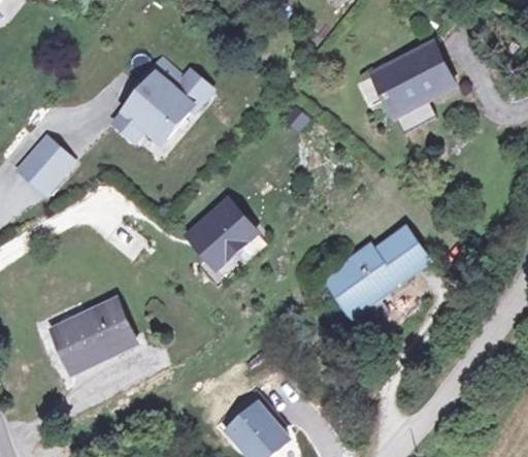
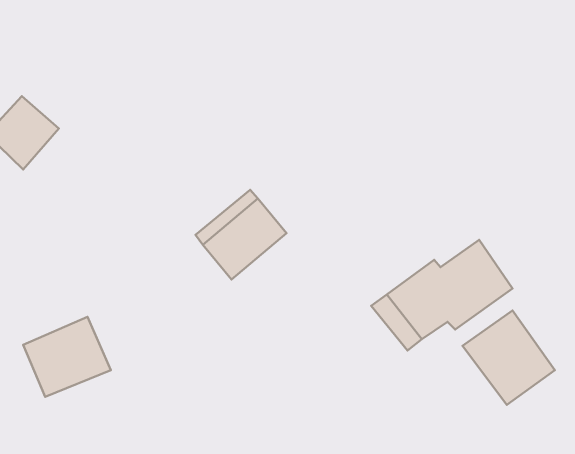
building: [372,51,456,115] -> none
building: [122,63,214,142] -> none
building: none -> [463,311,555,405]

